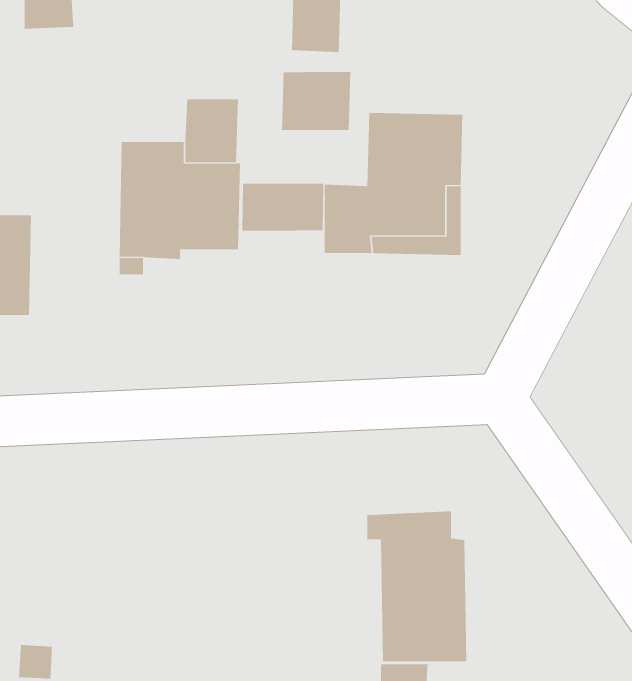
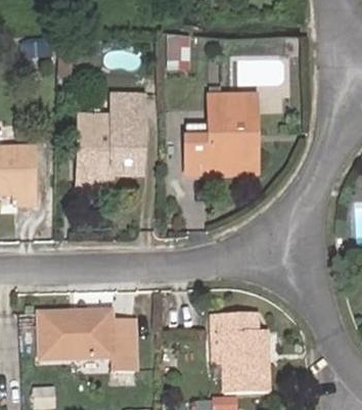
building: [282,71,351,131] -> none
building: [242,183,324,232] -> none
building: none -> [38,307,132,366]

